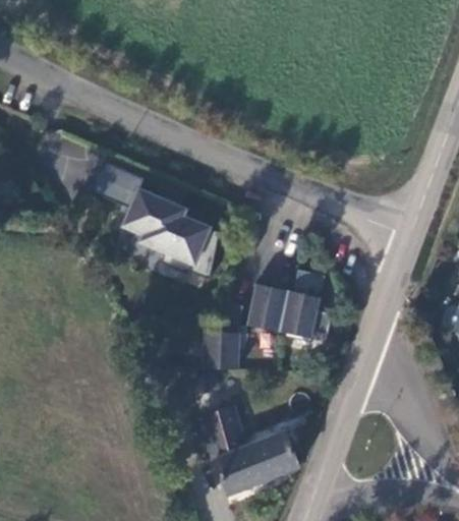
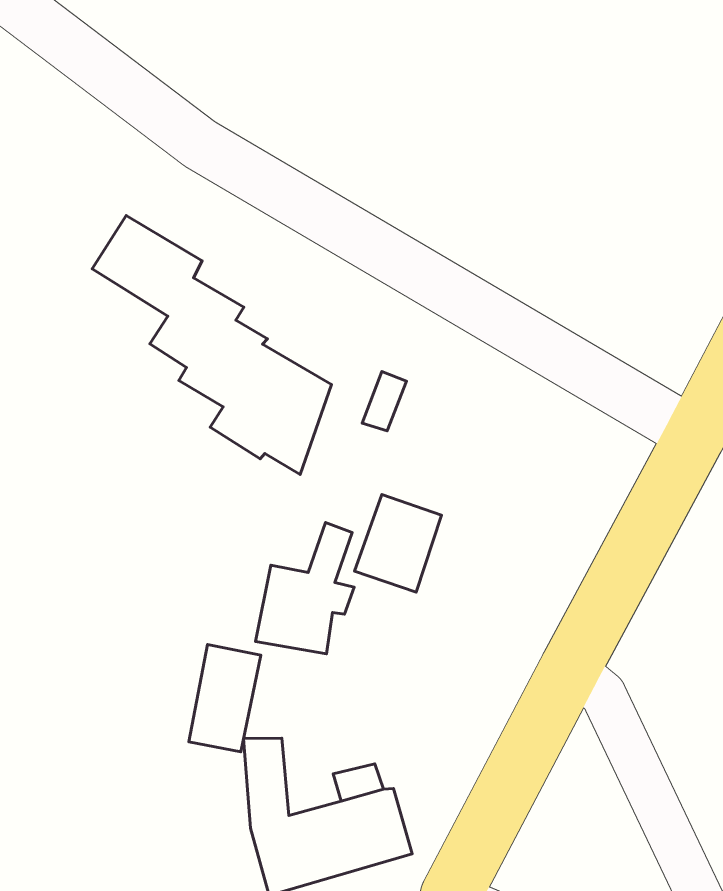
building: [281,271,333,339] -> none
building: none -> [189,645,261,752]

